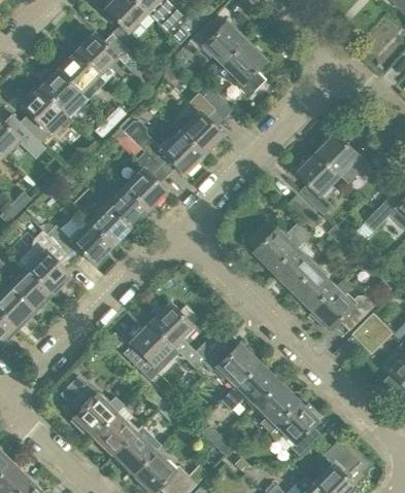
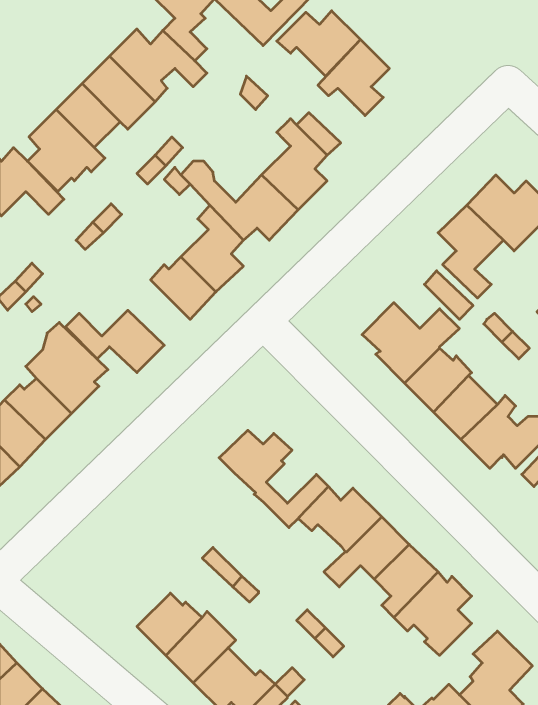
building: [87,203,129,247] -> none
building: [130,323,178,381] -> none
building: [60,374,124,437] -> none

